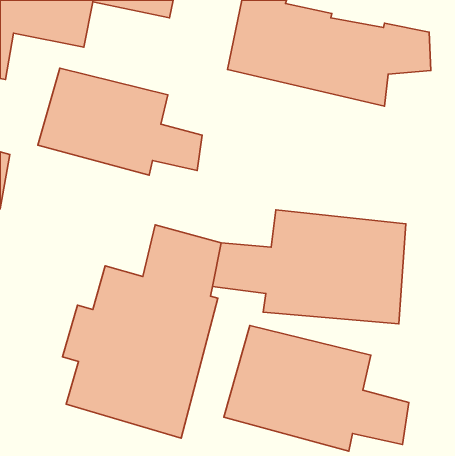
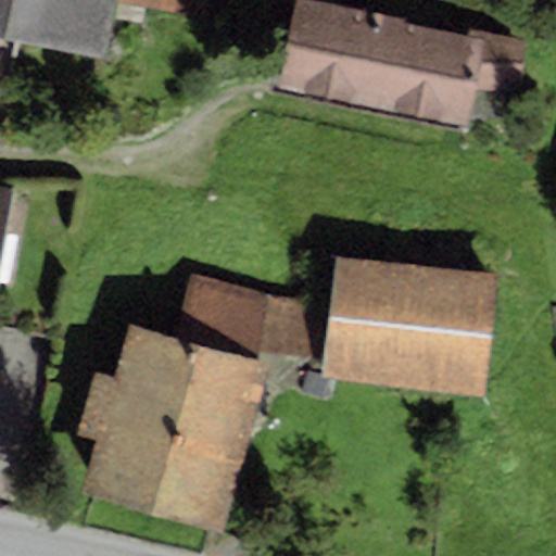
building: [38,68,202,175] -> none
building: [224,326,409,451] -> none

